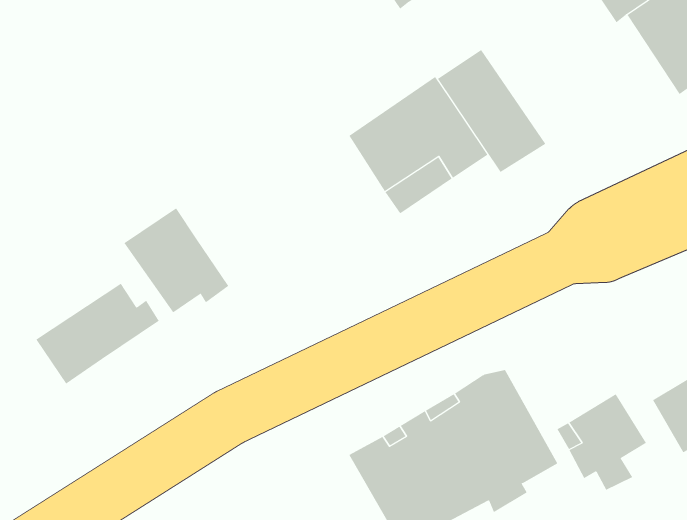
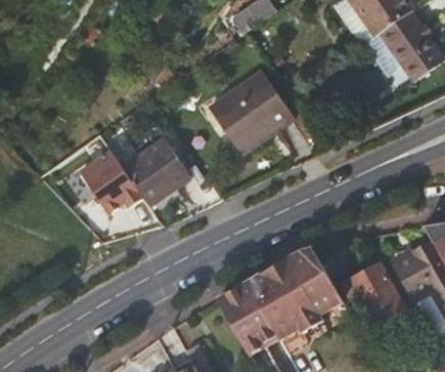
building: [437,49,546,173] -> none
building: none -> [124,138,190,204]
building: [35,283,159,385] -> none

